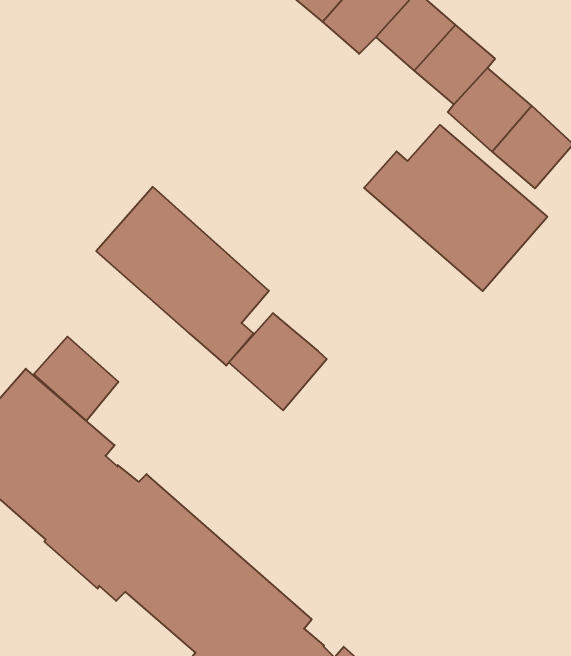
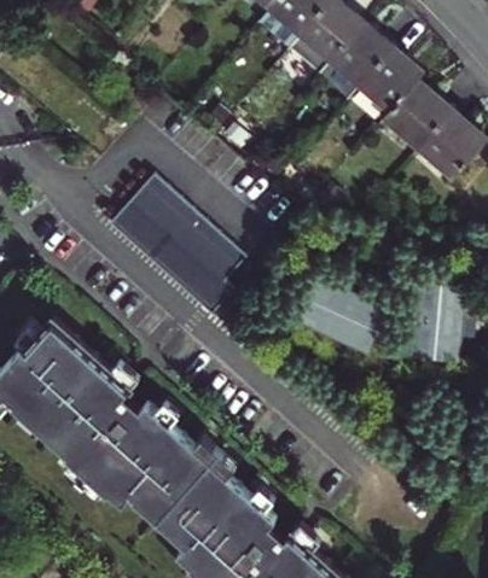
building: [364,125,547,291] -> none
building: [229,313,327,410] -> none
building: [34,337,118,421] -> none

